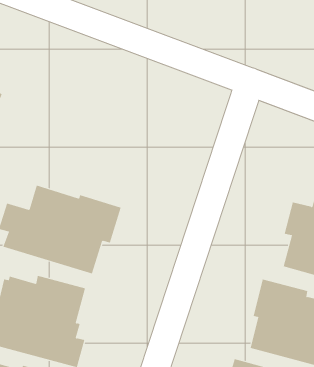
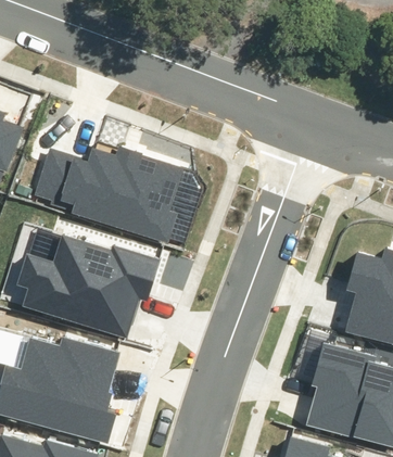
building: none -> [34,144,185,243]

